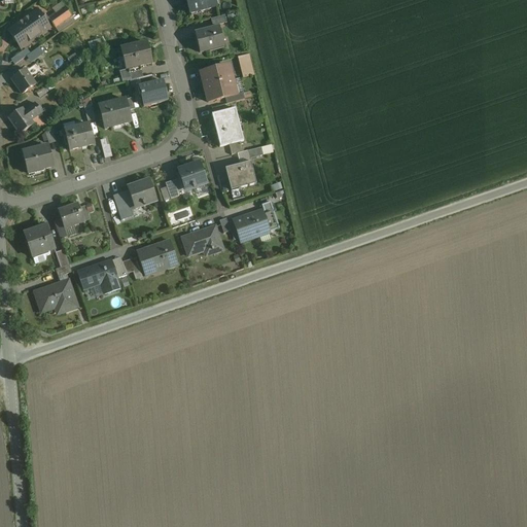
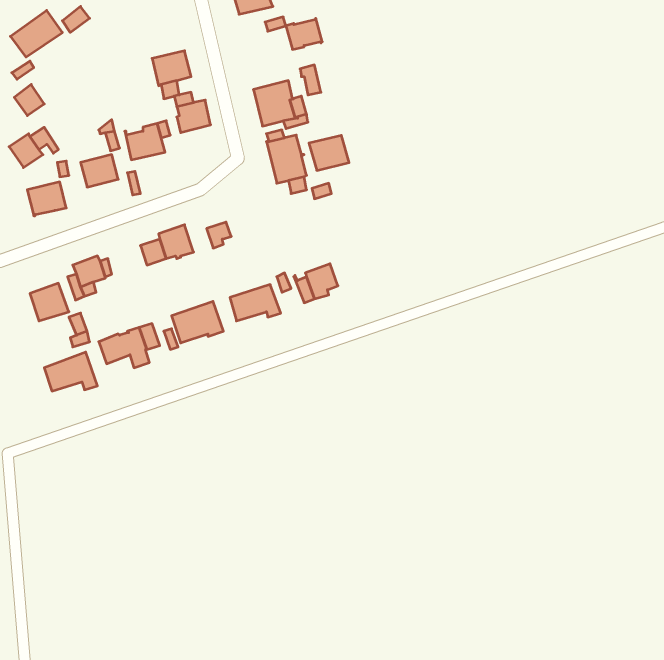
building: [195,26,223,50] -> [286,18,322,49]
building: [176,161,206,188] -> none
building: [224,161,256,188] -> [309,135,349,170]

